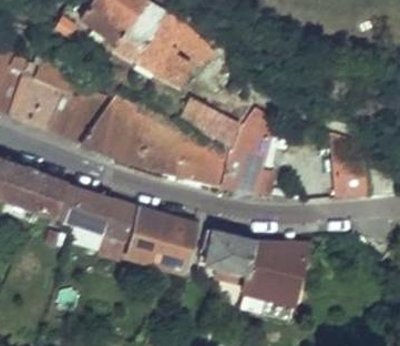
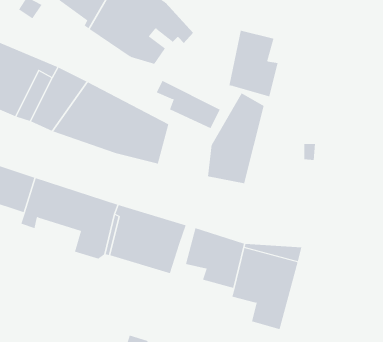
building: none -> [229,30,278,97]
building: [177,135,225,183] -> none
building: [334,149,368,195] -> none

